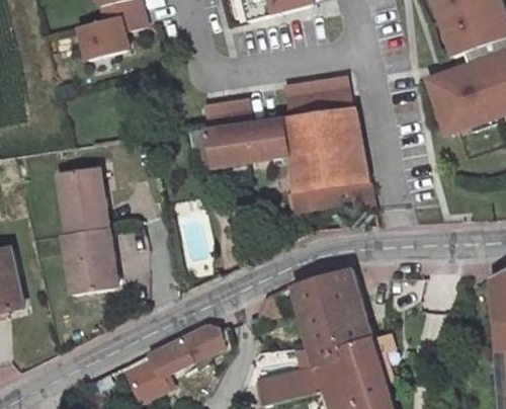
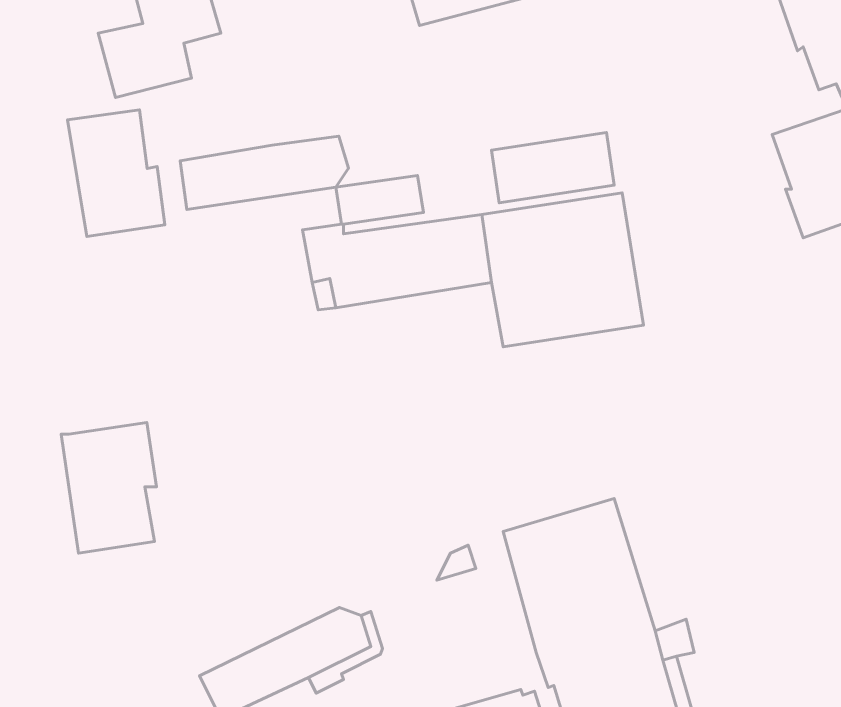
building: none -> [180,136,348,209]
building: [58,168,108,234] -> [67,110,165,236]
building: [293,177,371,211] -> none

